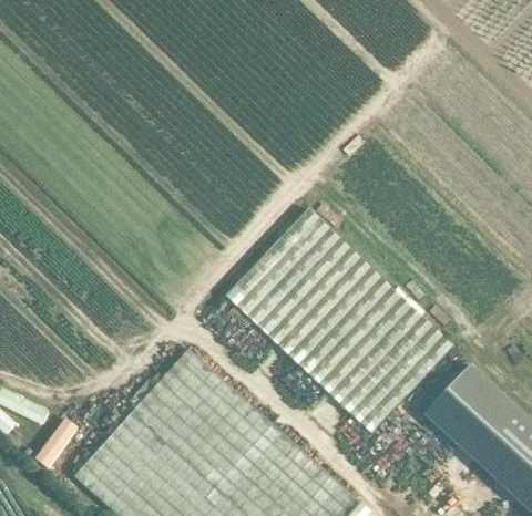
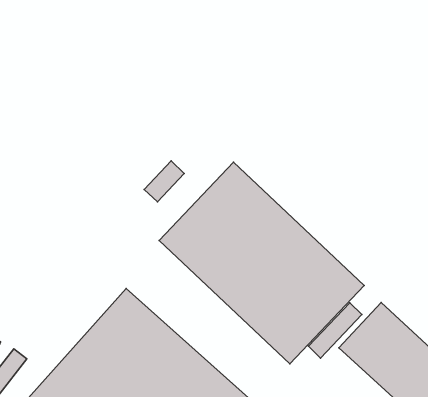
building: none -> [144,161,184,202]
building: none -> [308,303,362,358]

